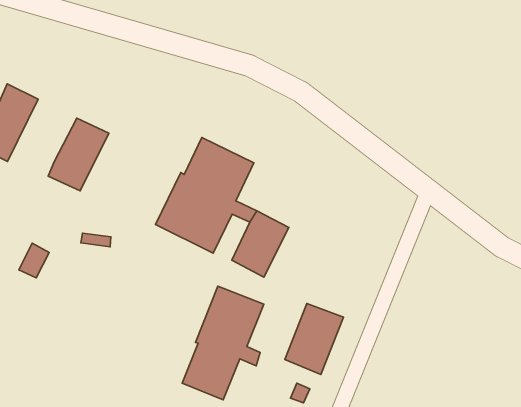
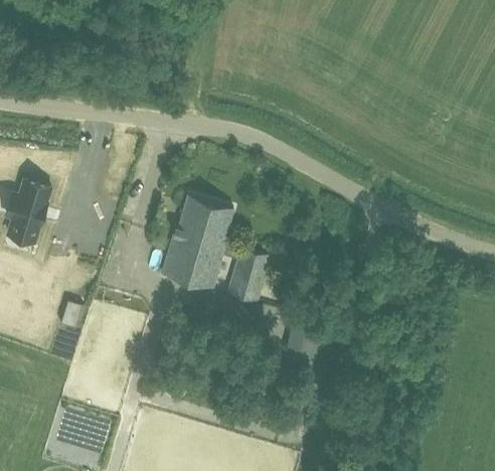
building: [48,118,109,191] -> none
building: [182,286,264,400] -> none

